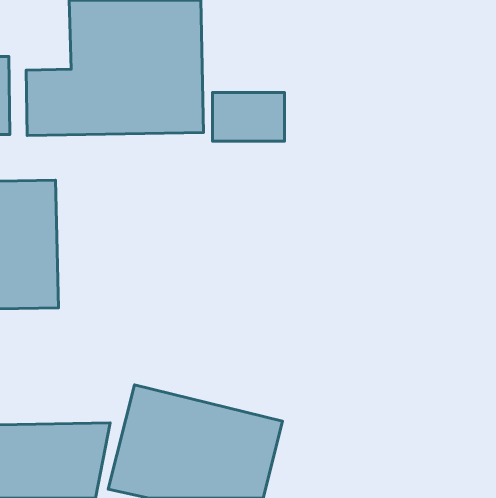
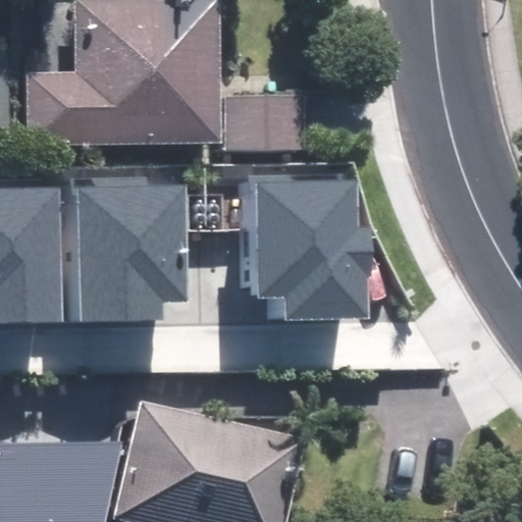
building: none -> [254,180,365,316]
building: none -> [70,182,193,323]

